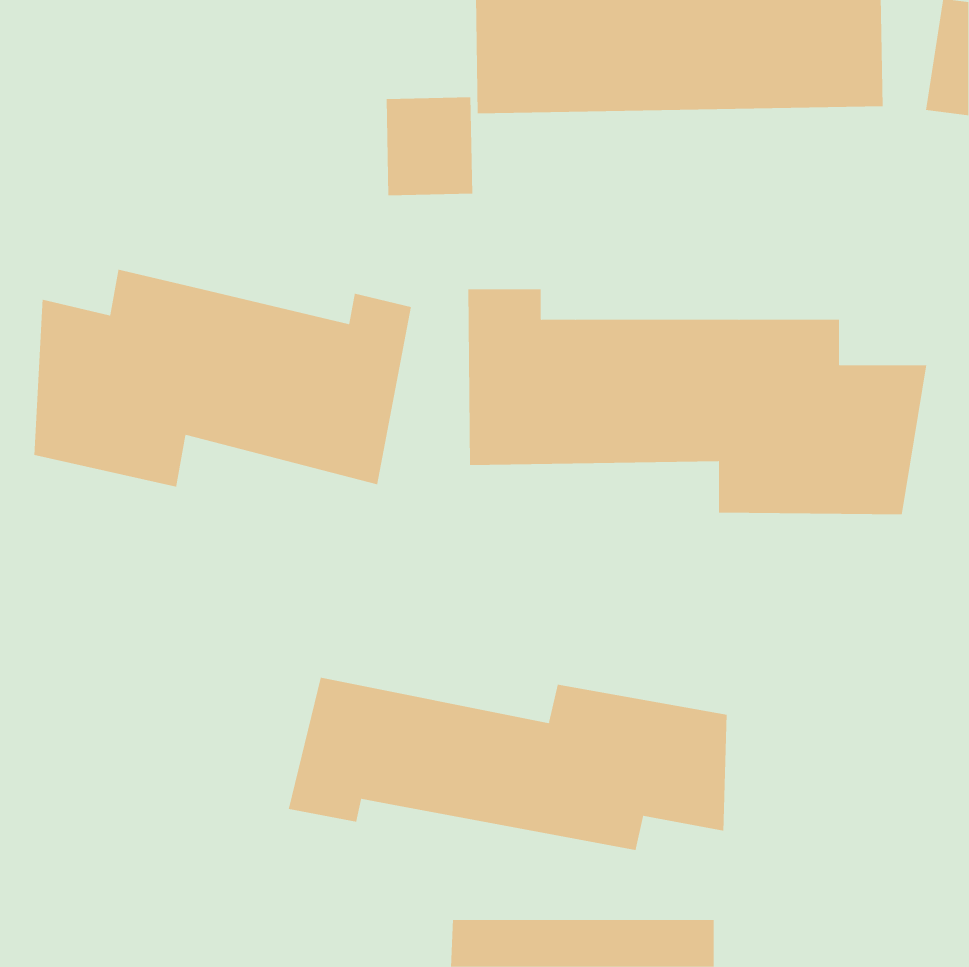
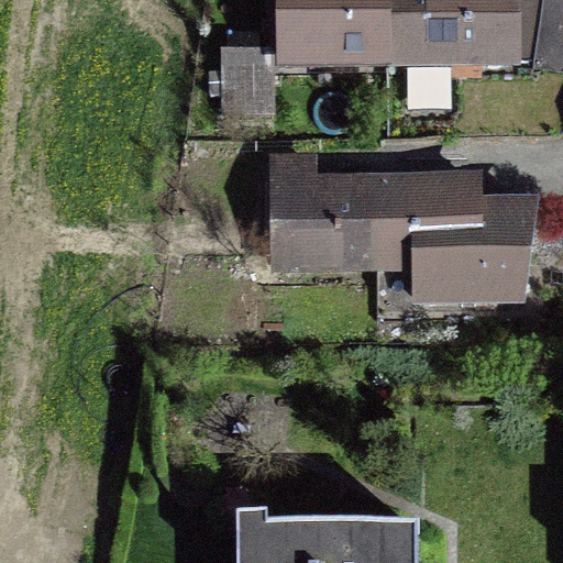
building: [34,269,412,488] -> none
building: [288,677,727,851] -> none

